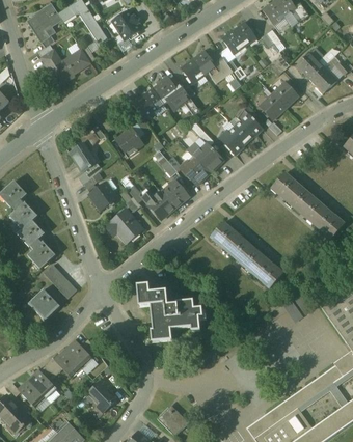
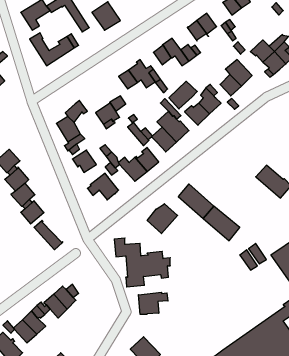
building: none -> [169,81,197,109]
building: [271,172,314,213] -> none
building: none -> [147,204,178,234]
building: [28,288,59,320] -> none
building: none -> [138,292,168,314]
building: [88,377,116,412] -> none

